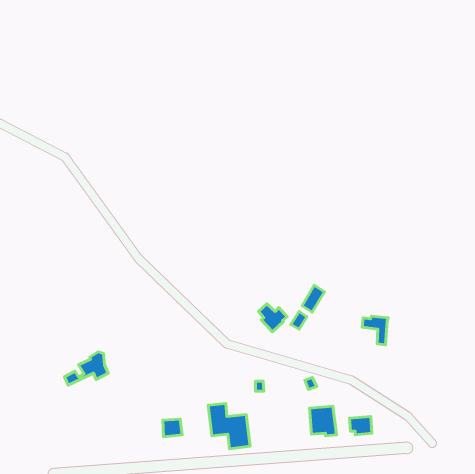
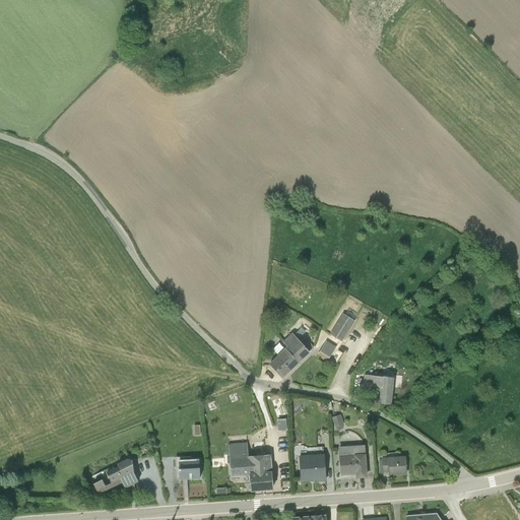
building: [362,316,388,345] -> [365,372,393,403]
building: none -> [270,349,298,377]
building: [65,352,108,385] -> [90,457,138,494]
building: none -> [299,453,326,481]

